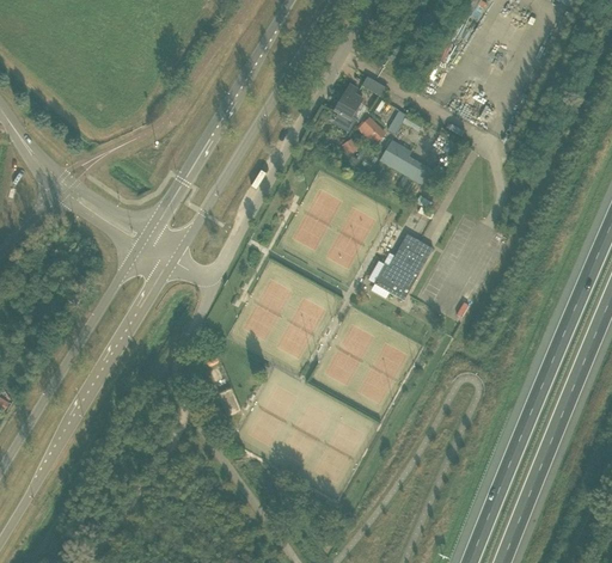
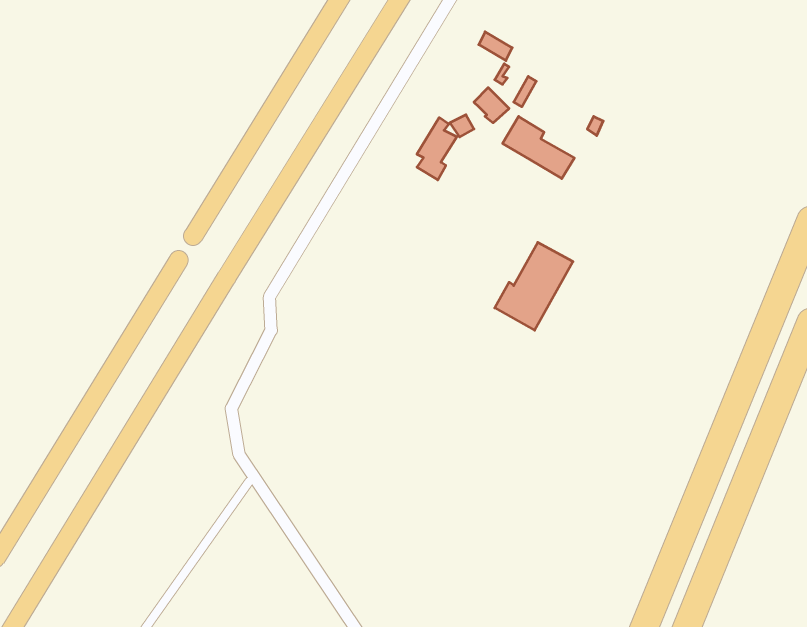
building: [332,82,362,129] -> [417,118,457,180]

